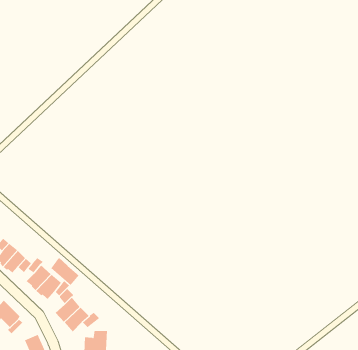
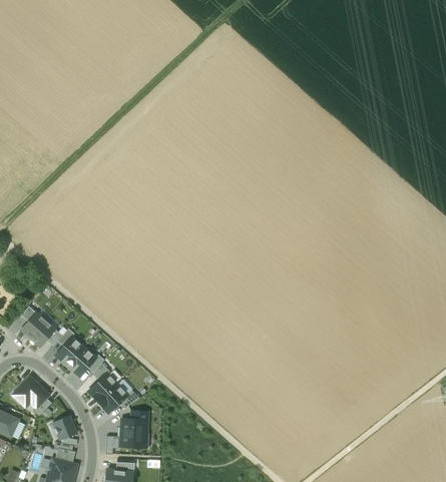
building: [51,258,79,286] -> none

